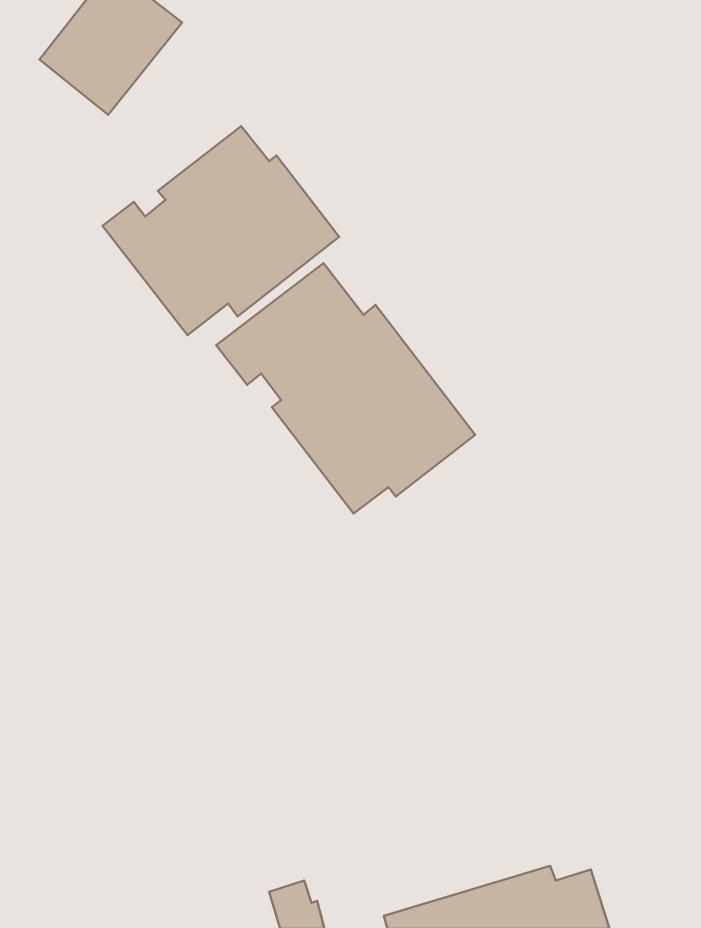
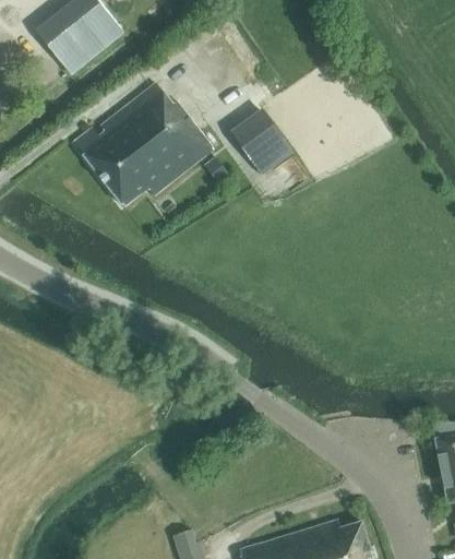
building: none -> [234,112,294,175]
building: [216,263,475,513] -> none

